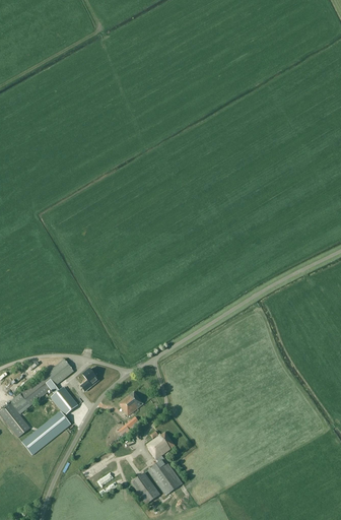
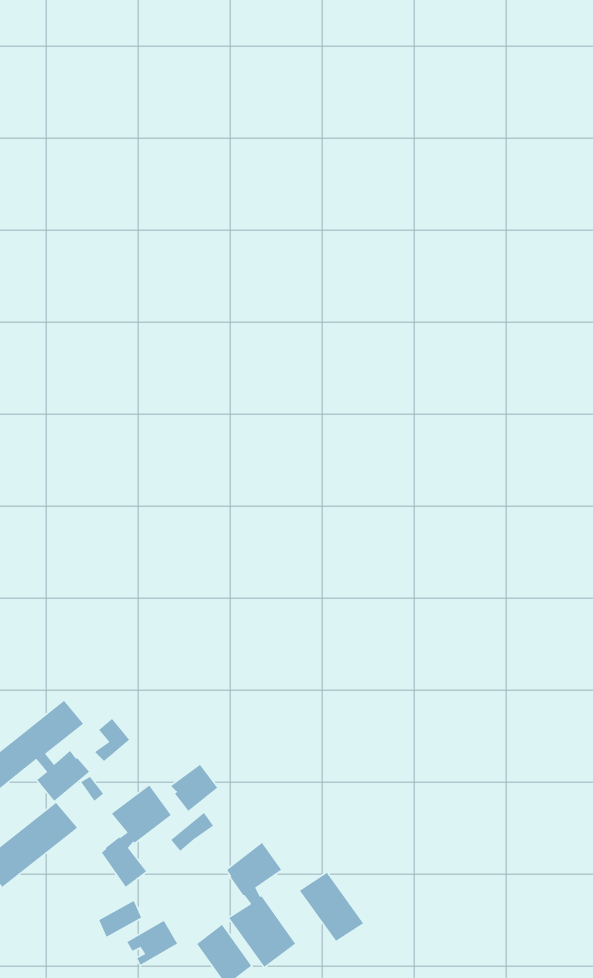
building: none -> [101,785,172,888]
building: none -> [299,872,364,942]

